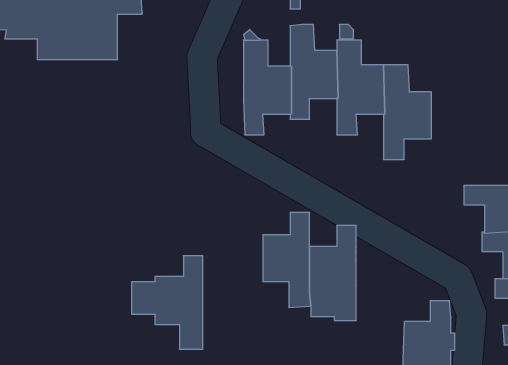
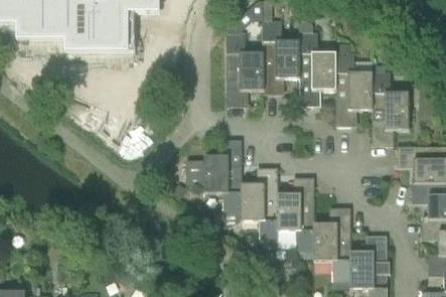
building: none -> [370,72,408,146]
building: [132,256,203,349] -> [185,140,241,212]
building: none -> [313,207,350,281]

